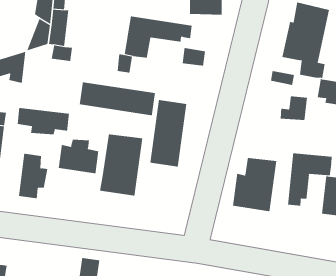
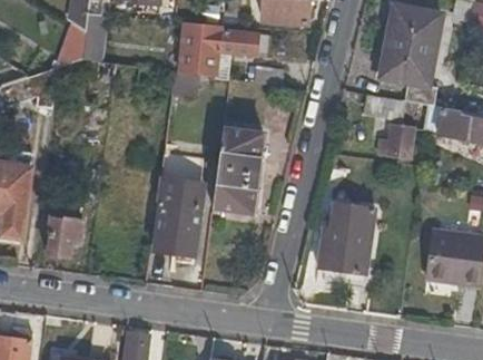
building: [79,81,155,116] -> none
building: [17,107,69,135] -> none
building: [58,139,99,174] -> none
building: [288,153,332,207] -> none

